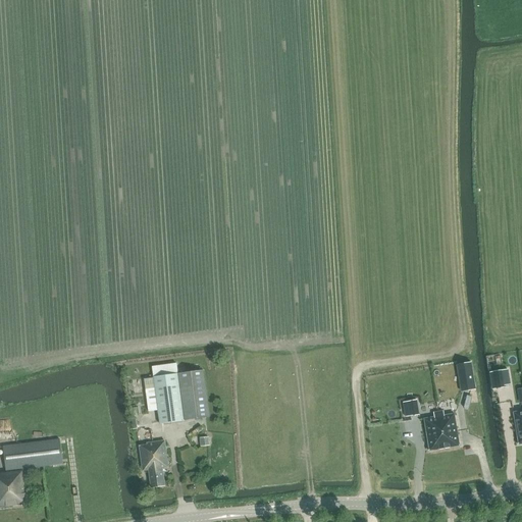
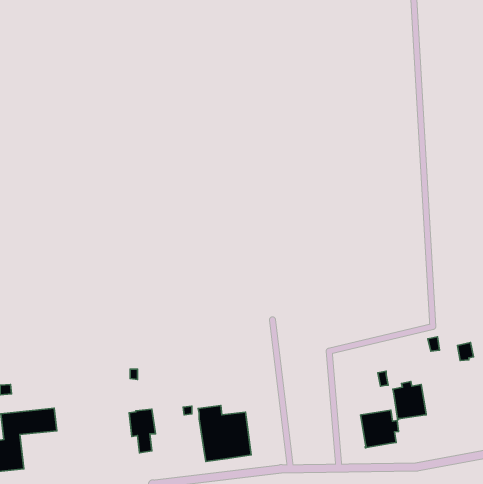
building: [151,362,208,422] -> [198,405,251,461]
building: none -> [360,410,399,448]

